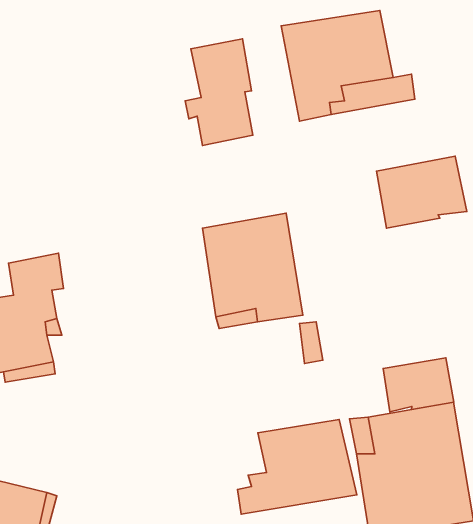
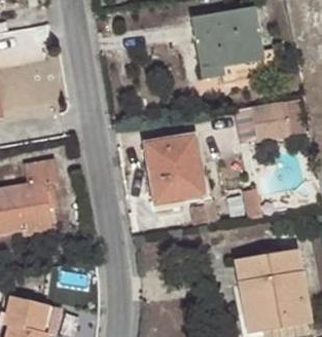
building: [185,39,253,145] -> none
building: [383,358,454,412] -> none
building: [238,419,357,514] -> none

